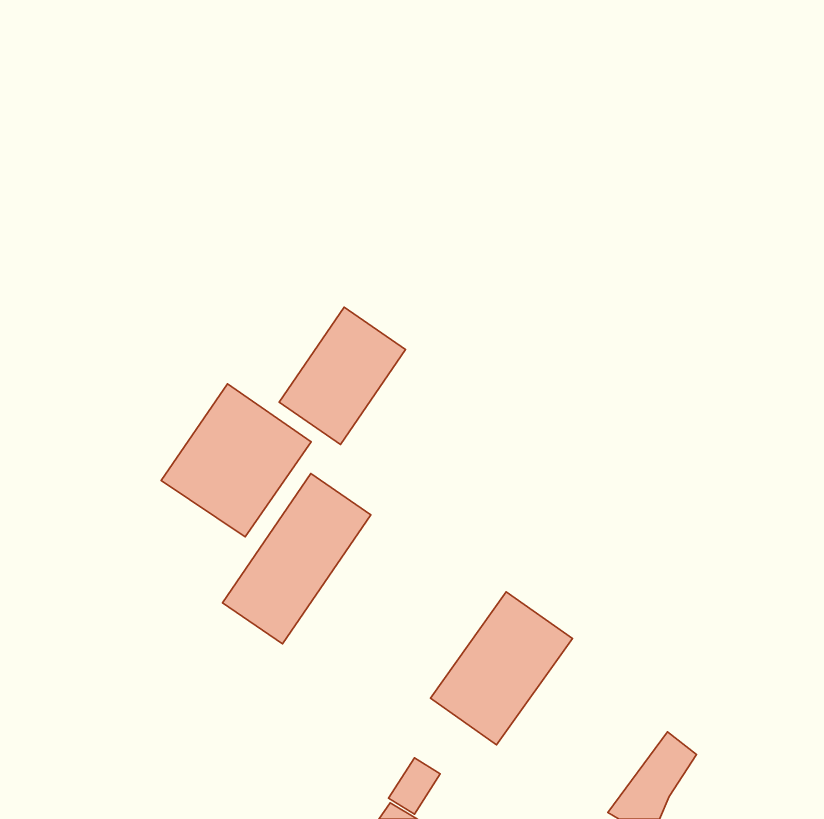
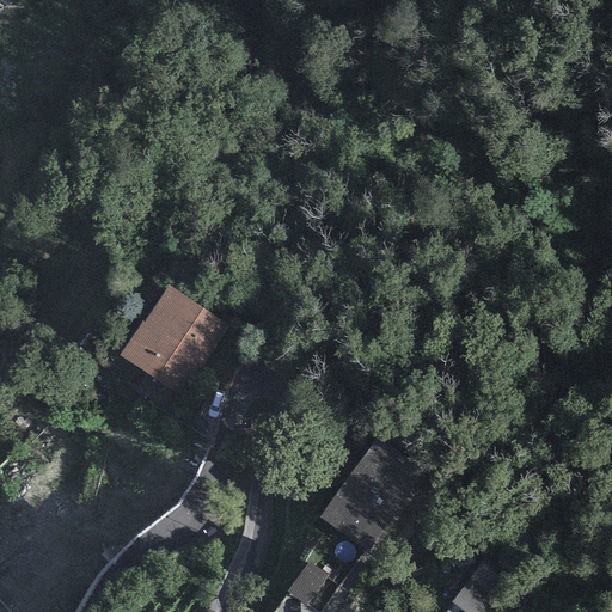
building: [279,307,405,445] -> none
building: [223,474,371,644] -> none

